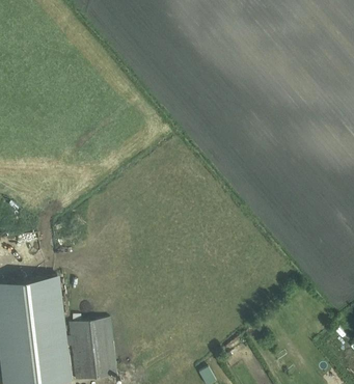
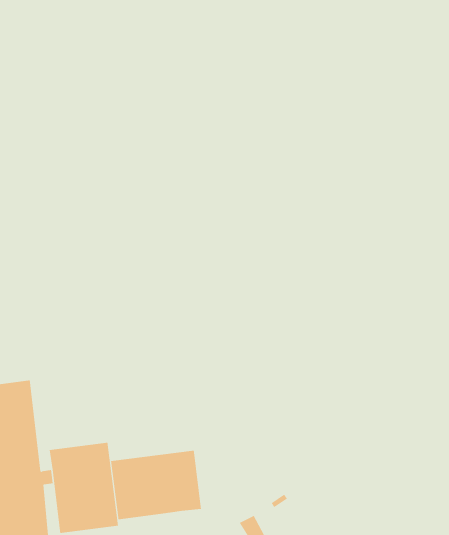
building: none -> [111,450,202,520]

